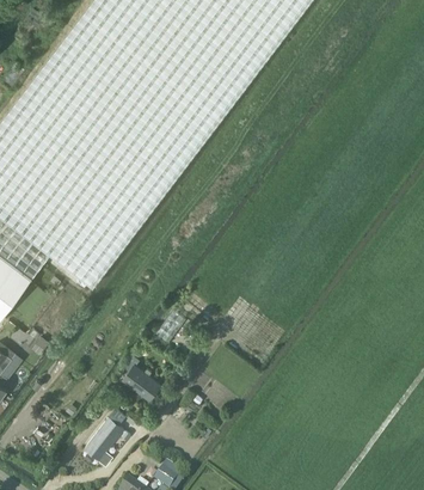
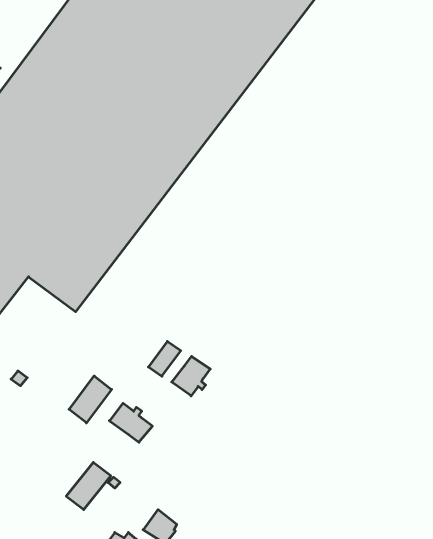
building: none -> [172,356,210,396]
building: none -> [69,376,112,423]

